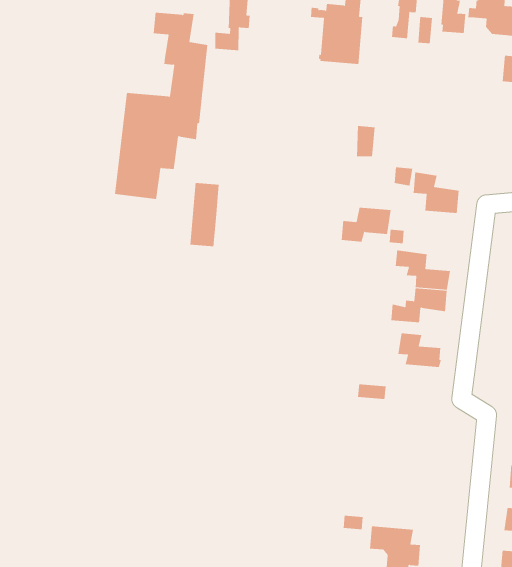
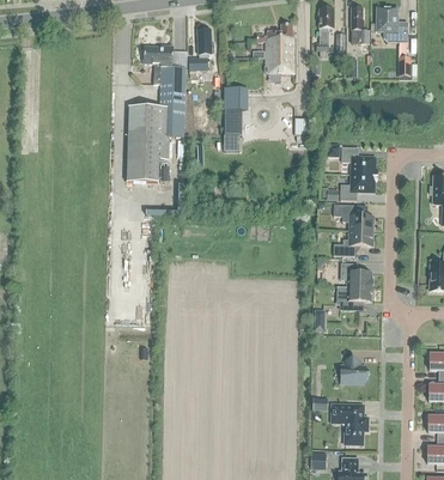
building: [190,182,220,247] -> [225,87,243,133]
building: [341,207,392,242] -> [341,174,376,199]
building: none -> [340,286,372,309]
building: none -> [341,357,369,382]

